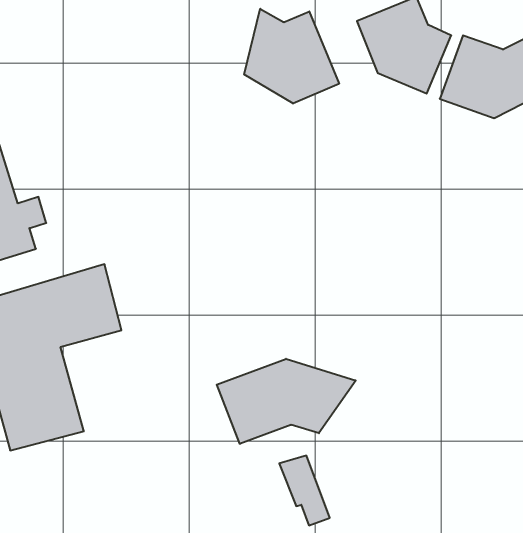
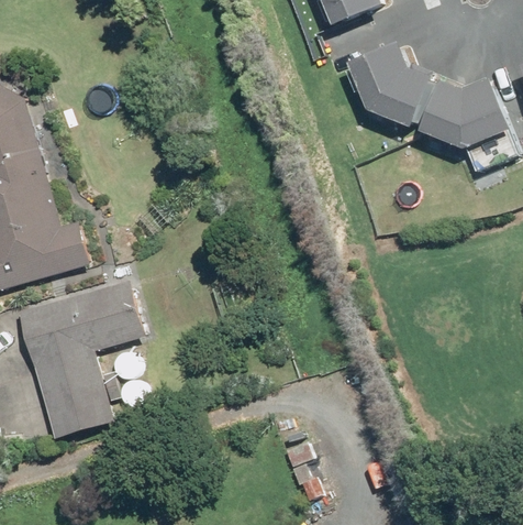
building: [244,9,339,104] -> none
building: [217,359,356,444] -> none

